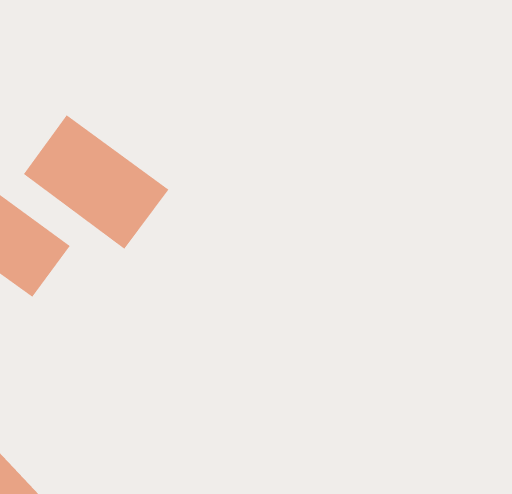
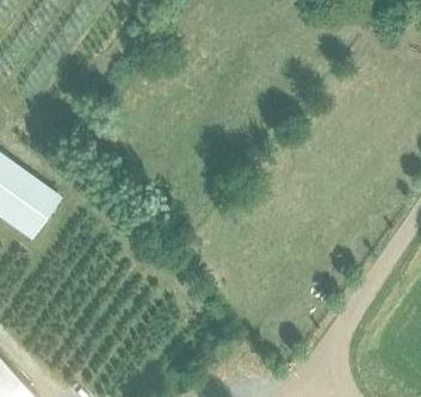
building: [23,114,169,250] -> none

